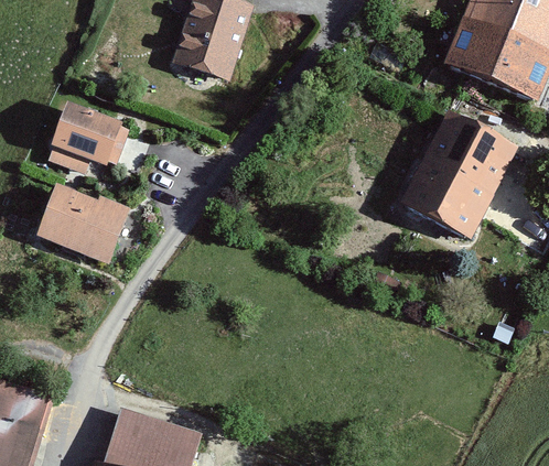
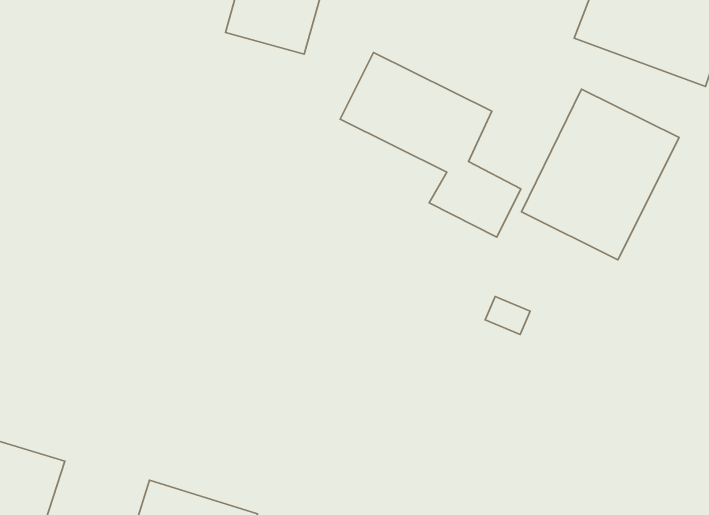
building: none -> [340,53,521,237]
building: [51,107,122,170] -> none
building: [34,181,130,263] -> none

